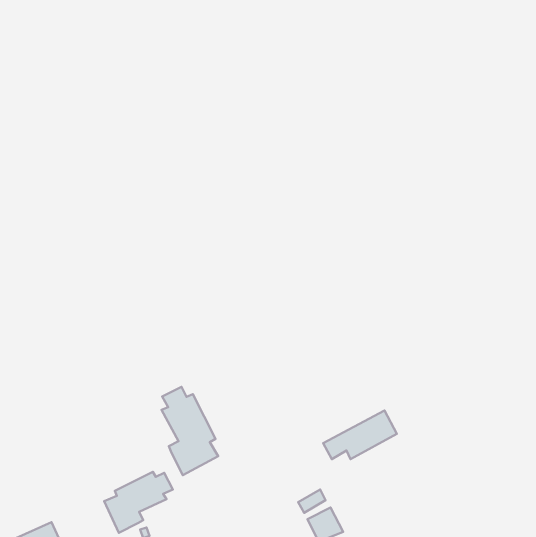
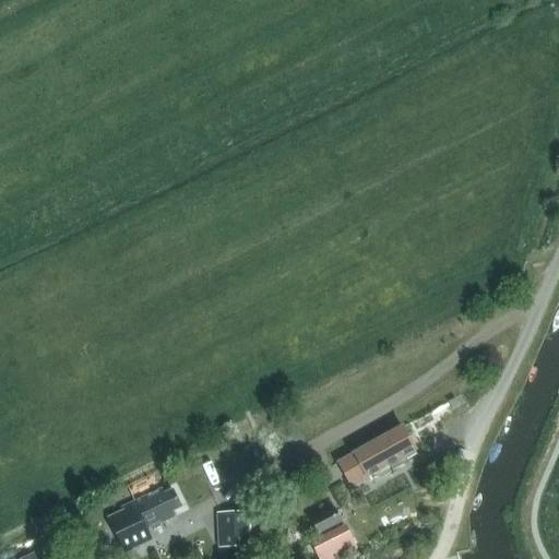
building: [162,387,218,475] -> none
building: none -> [219,513,247,549]

